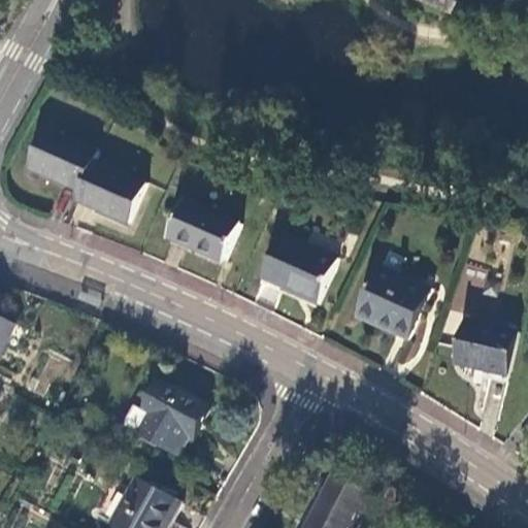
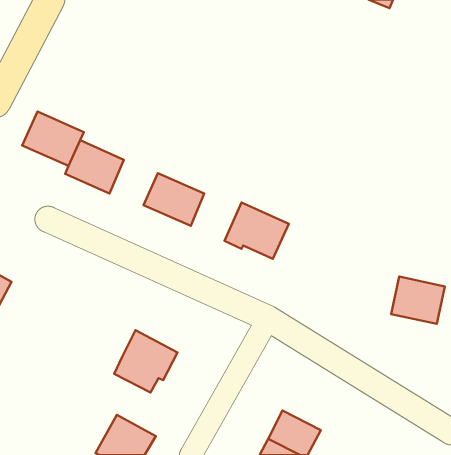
building: [353,266,428,340] -> none

